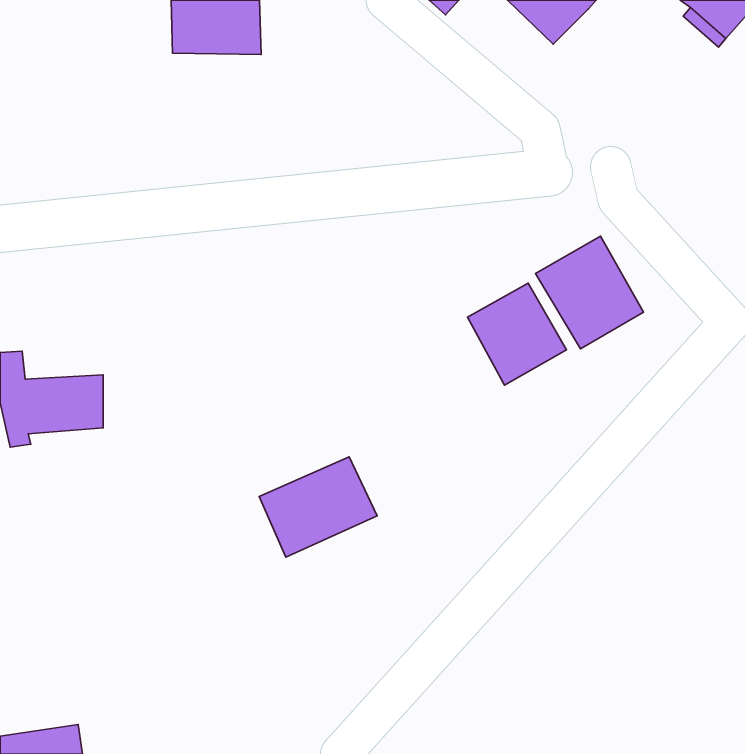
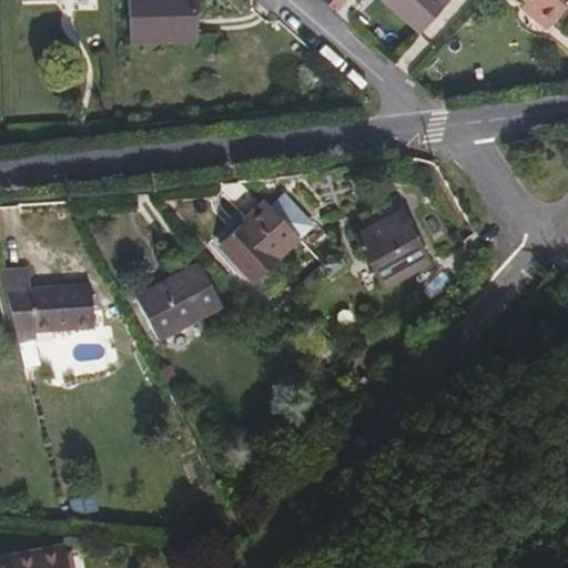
building: [535,236,643,349] -> none
building: none -> [220,203,304,284]
building: [259,457,377,557] -> [131,263,220,338]

